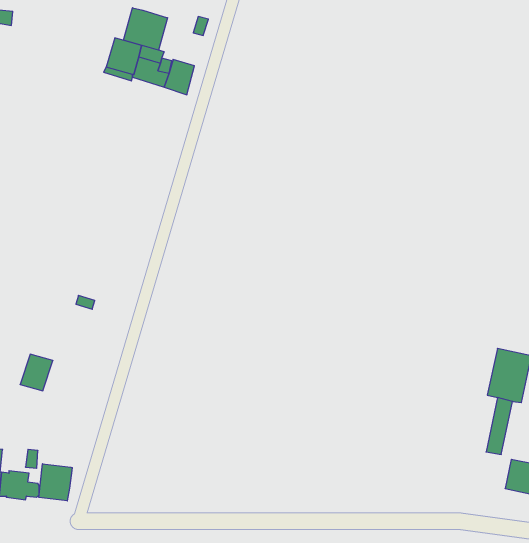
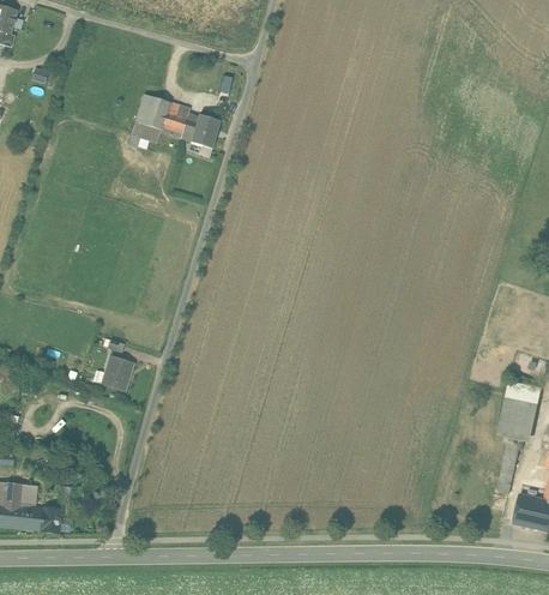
building: [124,8,168,50] -> none
building: [20,354,53,391] -> [101,355,132,390]
building: [39,464,72,501] -> none

